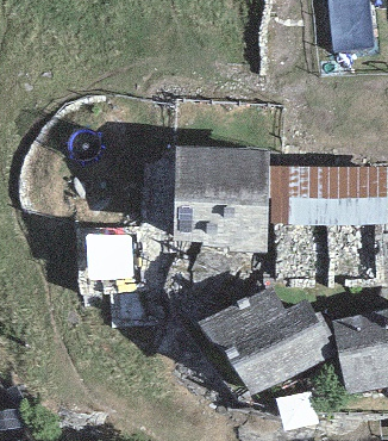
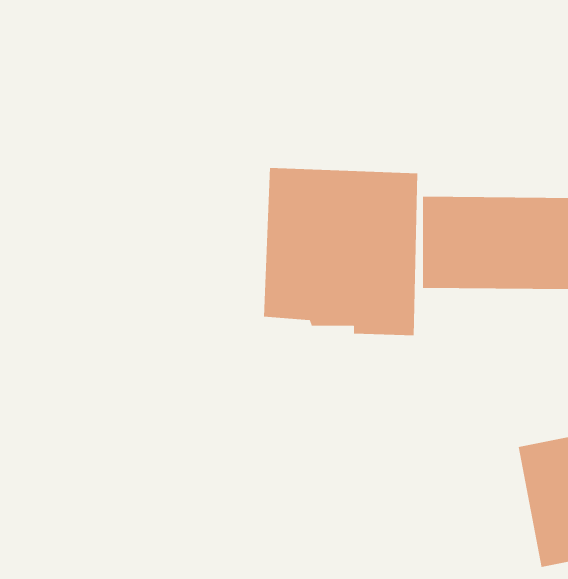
building: [199,284,334,396] -> none

